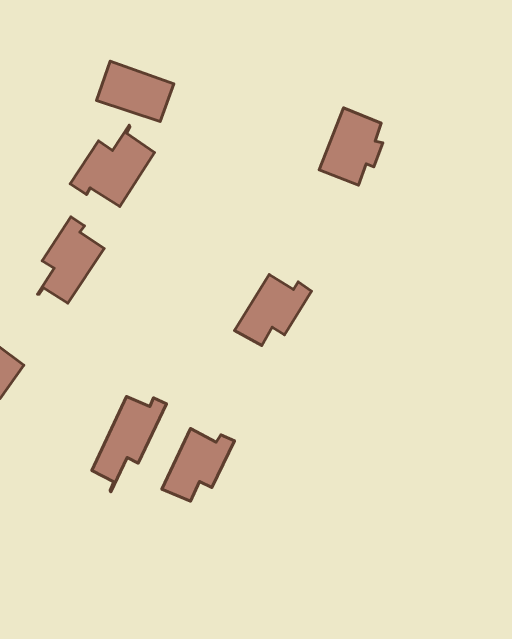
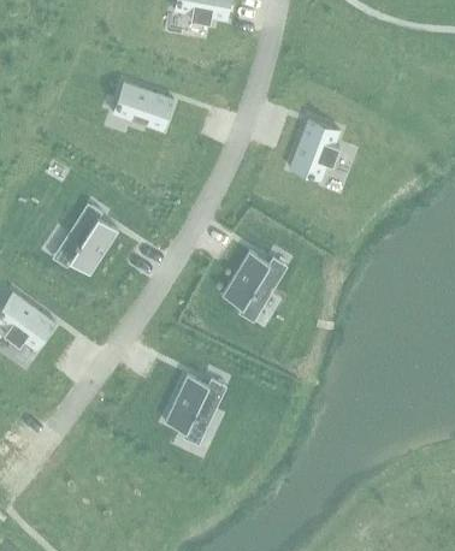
building: [70,125,154,207] -> none
building: [92,396,166,492] -> none

